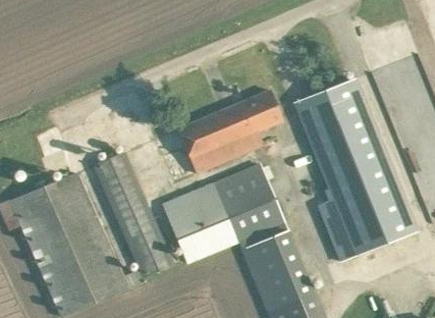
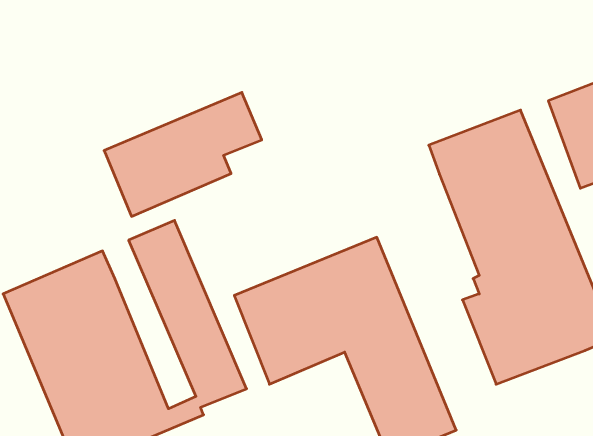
building: [178,90,283,172] -> [104,92,262,216]

